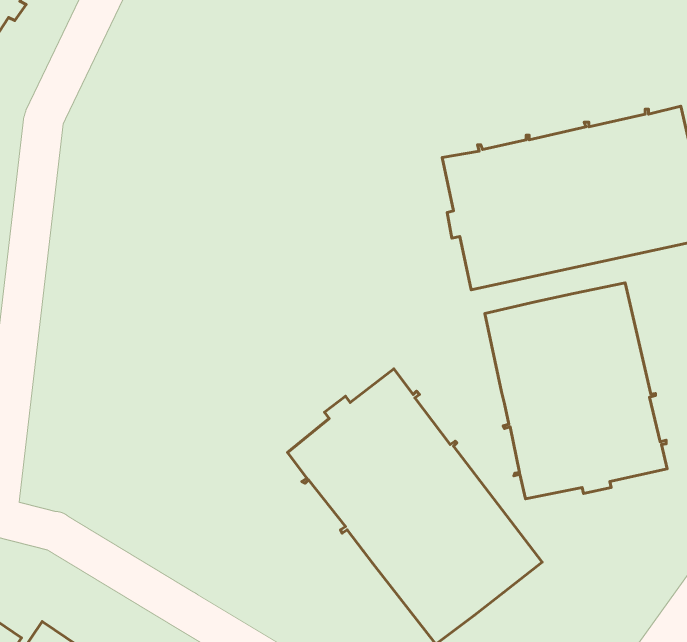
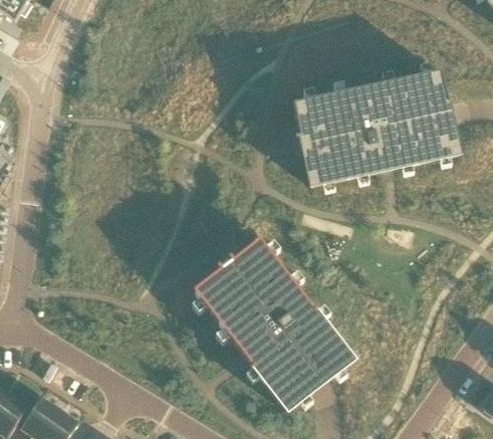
building: [485,283,667,499] -> none

